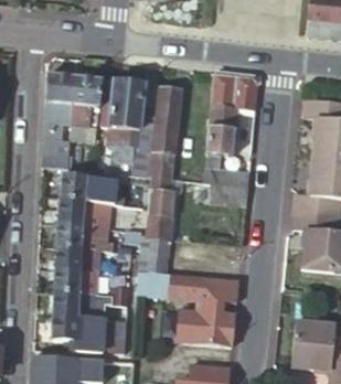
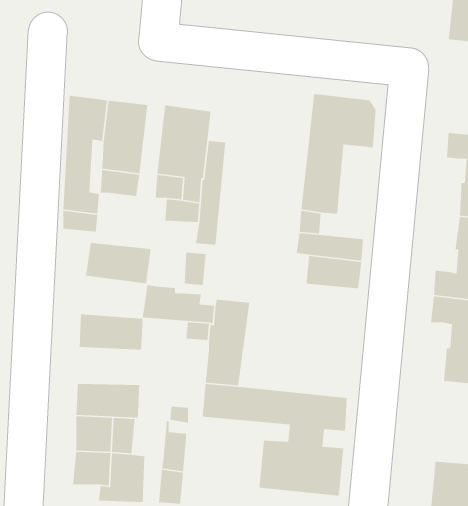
building: [149,86,182,214] -> none
building: [56,196,102,225] -> none
building: [54,245,98,270] -> none

